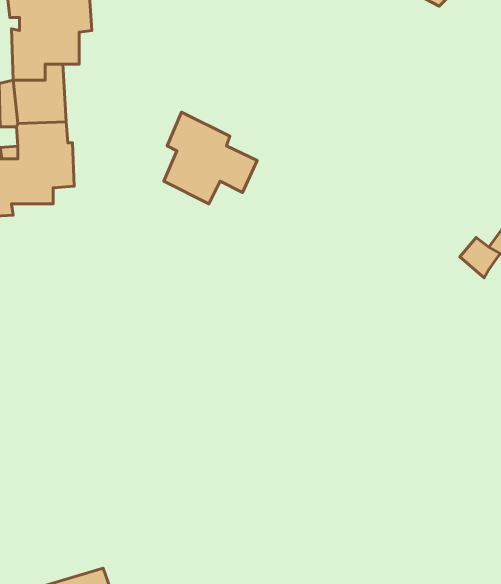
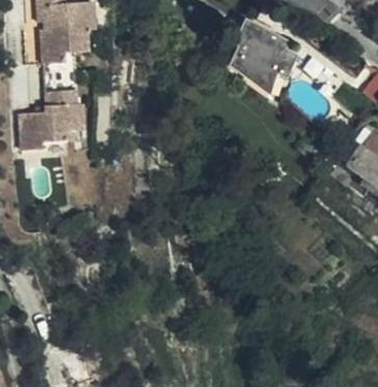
building: [164,112,257,204] -> [233,23,293,82]

